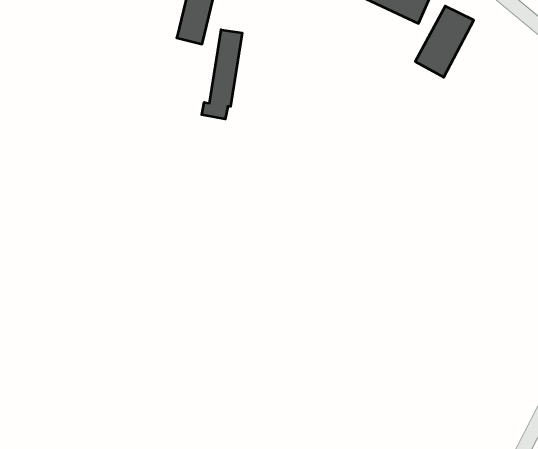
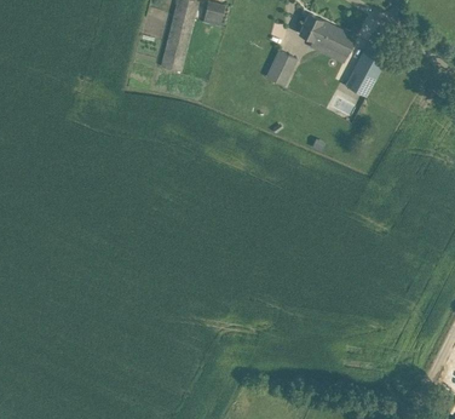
building: none -> [266,52,296,86]
building: [202,30,242,119] -> none

